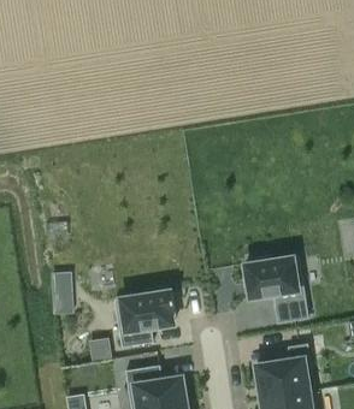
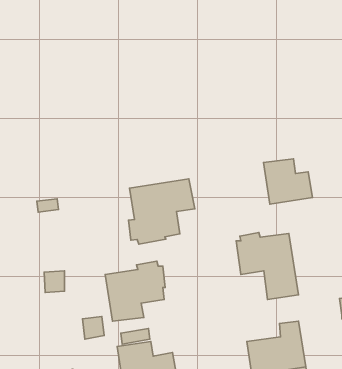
building: none -> [264,159,312,204]
building: none -> [128,179,195,244]

